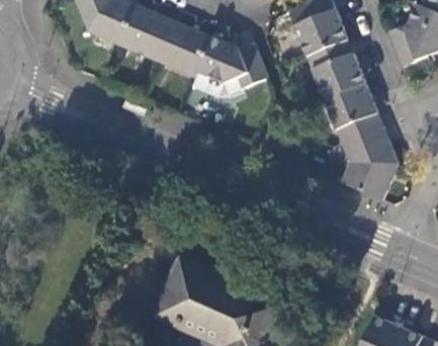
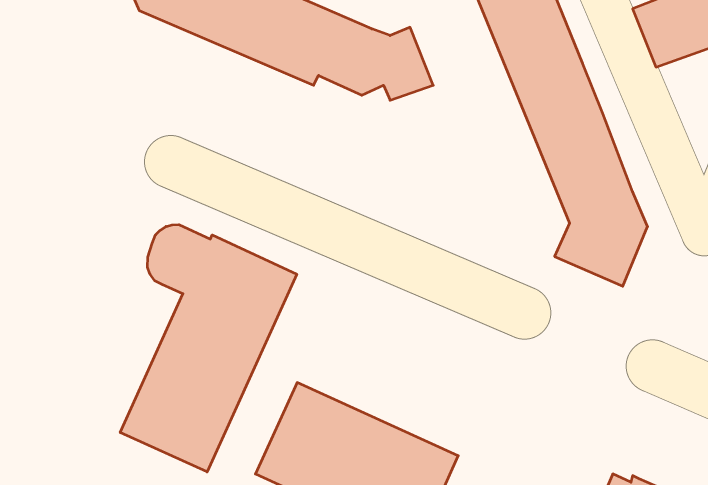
building: none -> [120,225,297,472]

